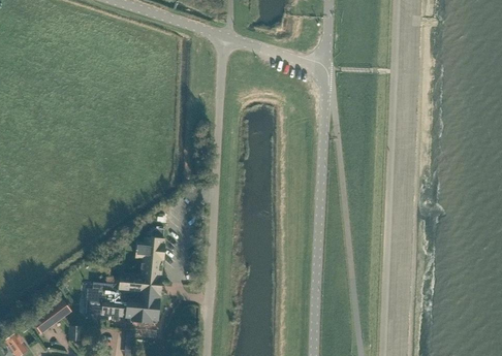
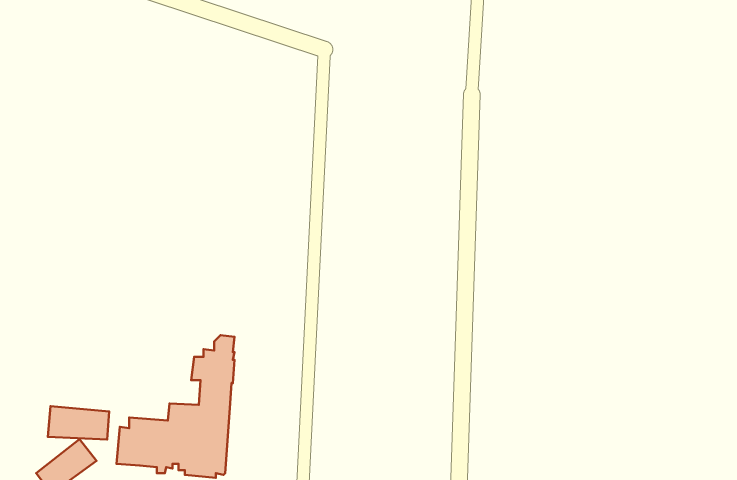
building: none -> [48,406,109,440]

